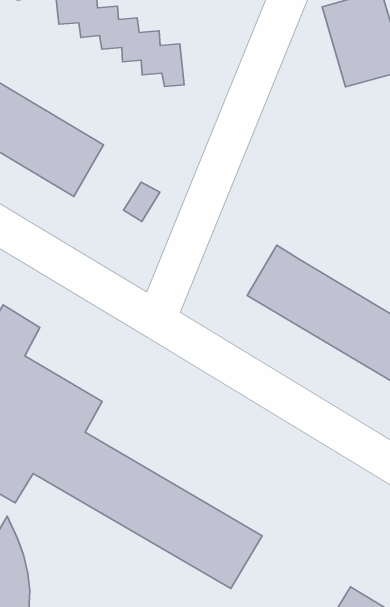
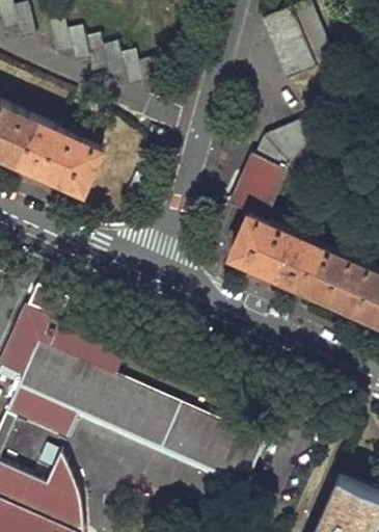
building: none -> [226,119,321,223]

